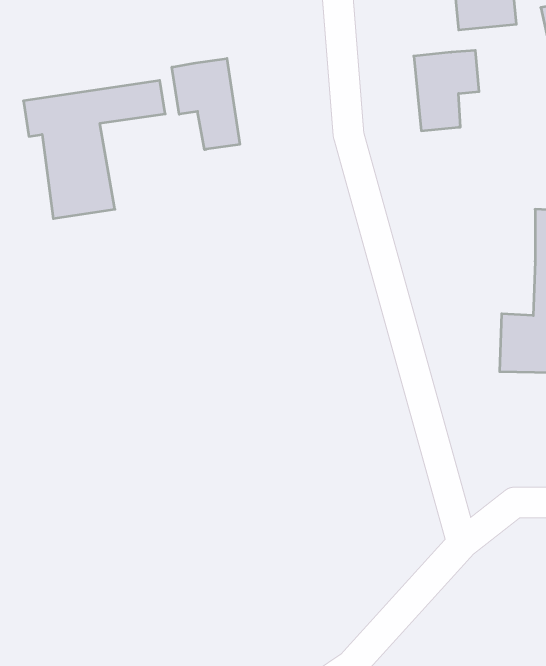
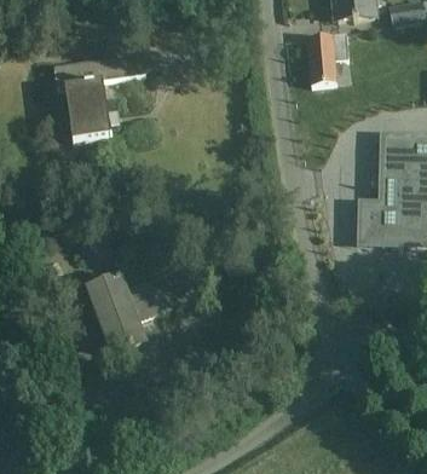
building: [172,58,240,150] -> none
building: none -> [88,273,189,356]

